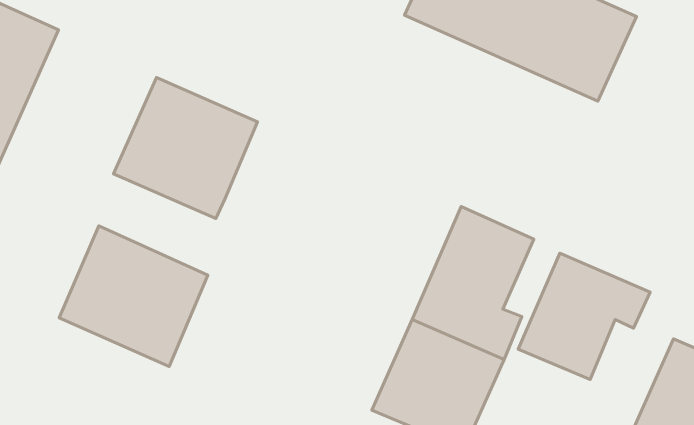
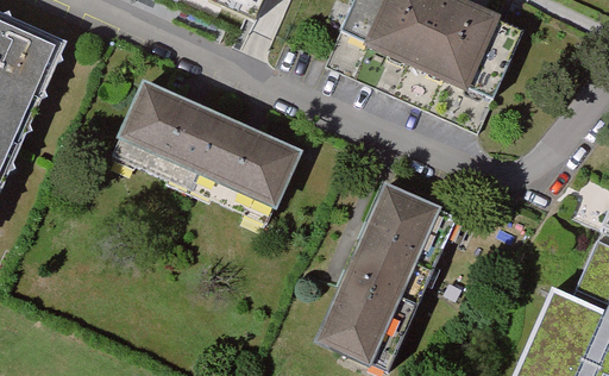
building: none -> [196,113,303,209]
building: [59,226,208,366] -> none
building: [518,253,650,380] -> none

